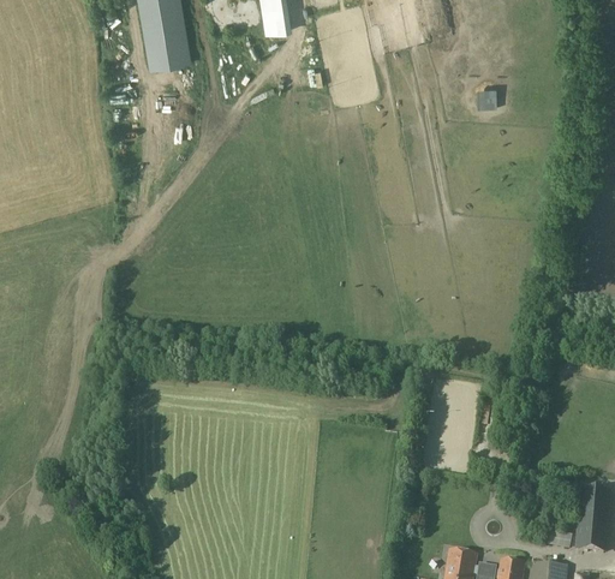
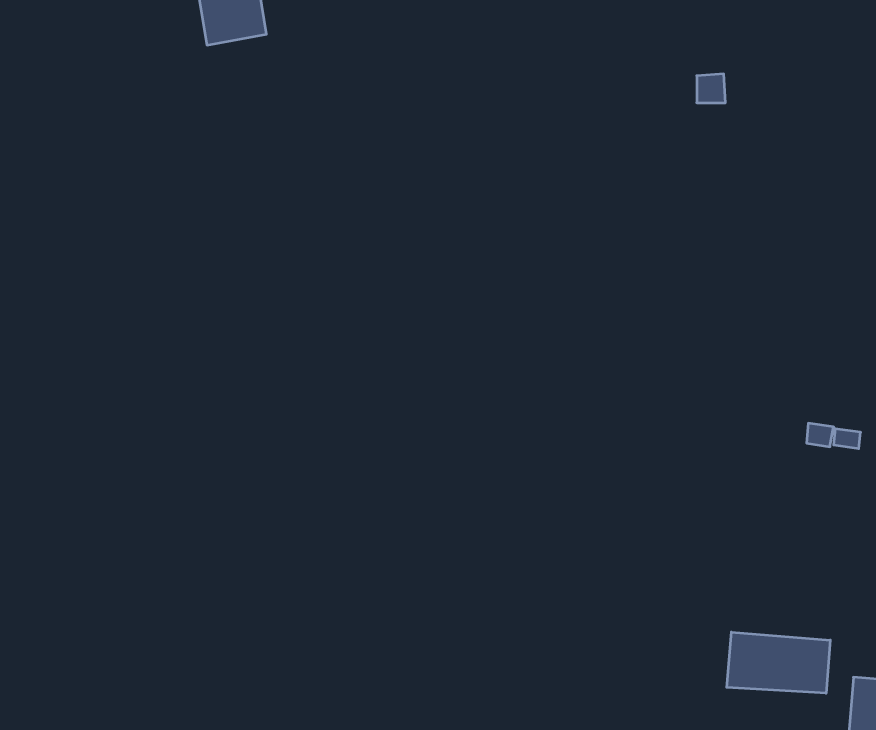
building: none -> [727,632,830,693]

